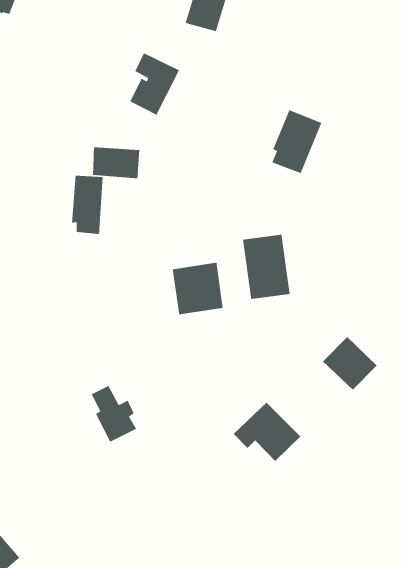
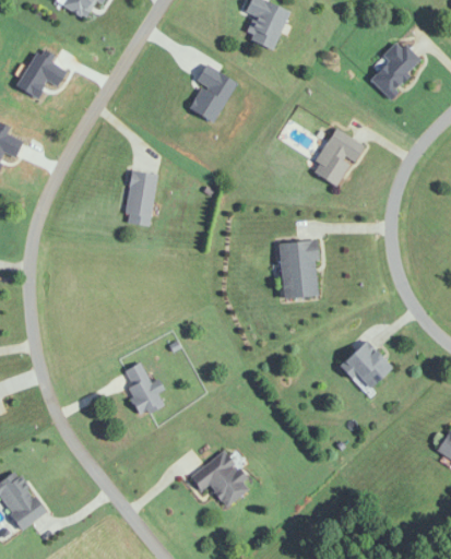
building: none -> [369,38,422,95]
building: [92,146,140,179] -> none
building: [172,262,223,315] -> none
building: [233,402,301,462] -> [189,451,251,507]

